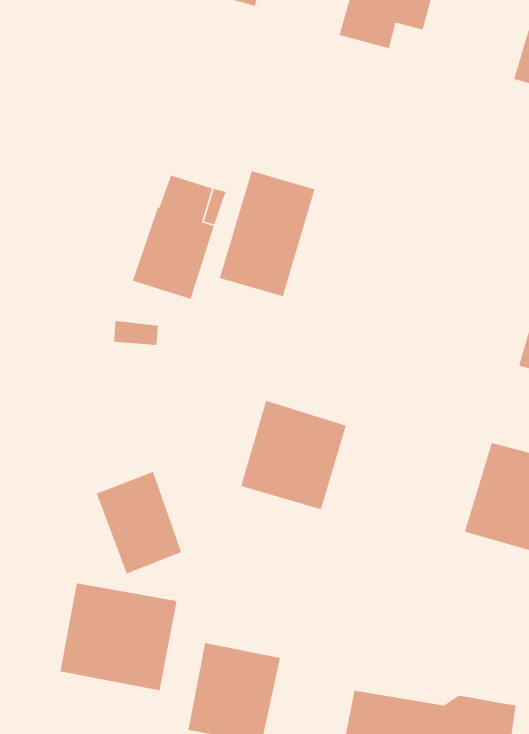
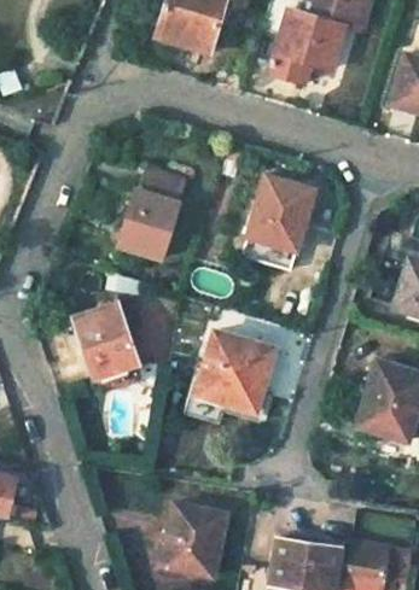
building: [219,170,316,297] -> [245,175,314,265]
building: [96,471,182,574] -> [75,305,136,379]
building: [59,583,178,691] -> none

